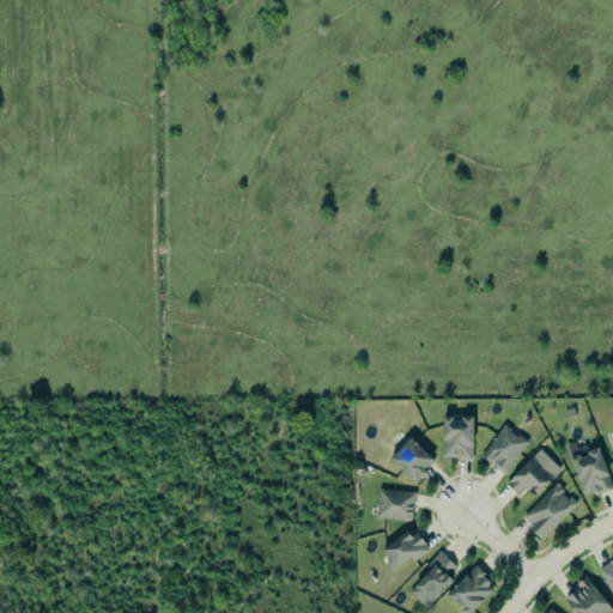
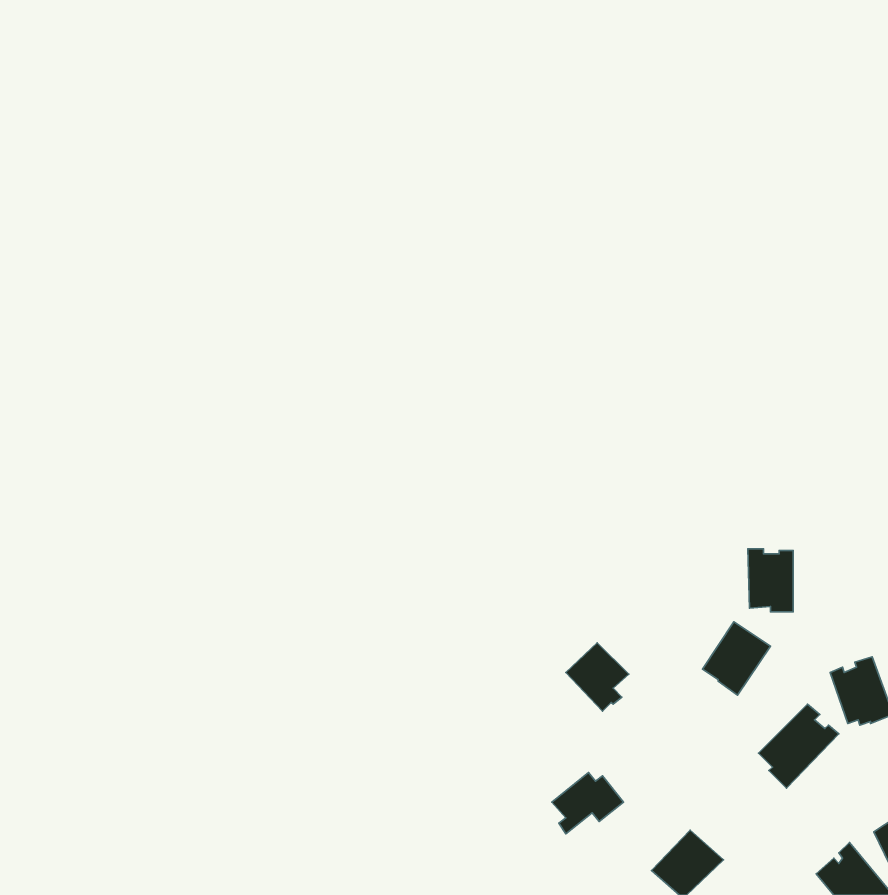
building: [443,418,474,461] -> [748,549,793,612]
building: [510,455,558,497] -> none
building: [380,488,419,522] -> none
building: [411,550,456,602] -> none

